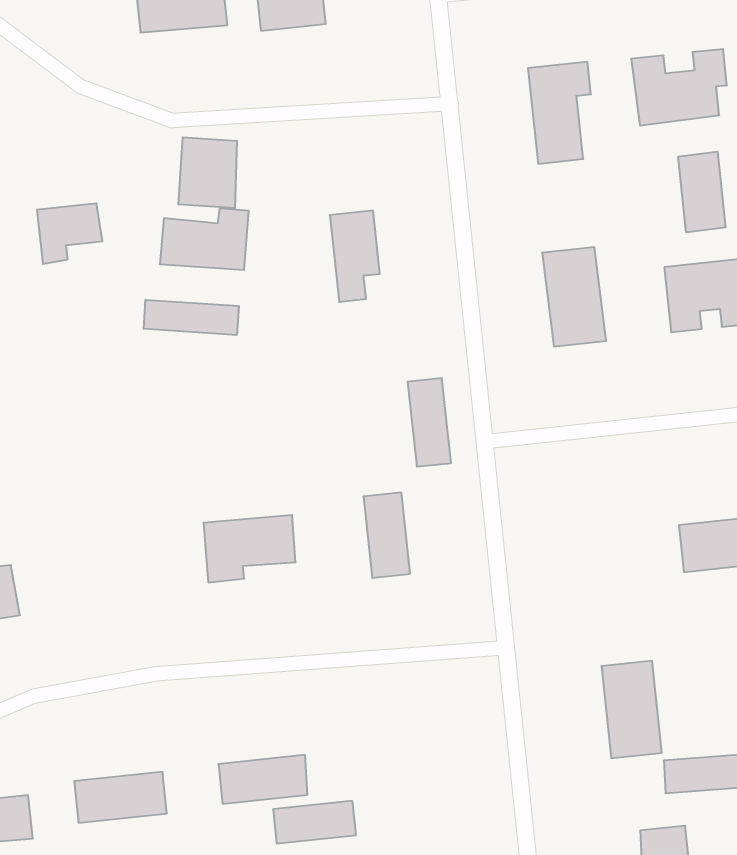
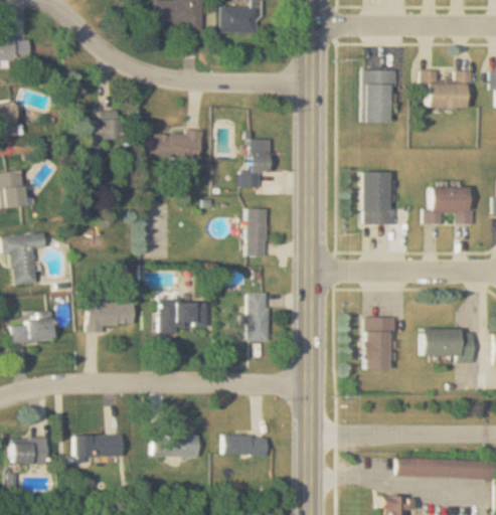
building: [178,137,237,208] -> none
building: [678,152,726,232] -> none
building: [144,300,239,335] -> none
building: [408,378,451,467] -> [247,208,267,255]
building: none -> [87,301,135,330]
building: [601,661,662,758] -> [364,317,392,368]
building: [273,801,356,844] -> [224,435,269,454]

